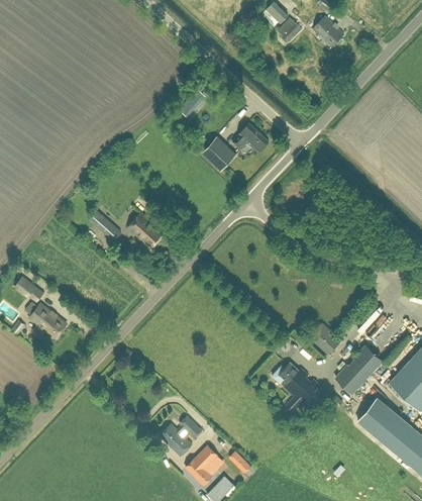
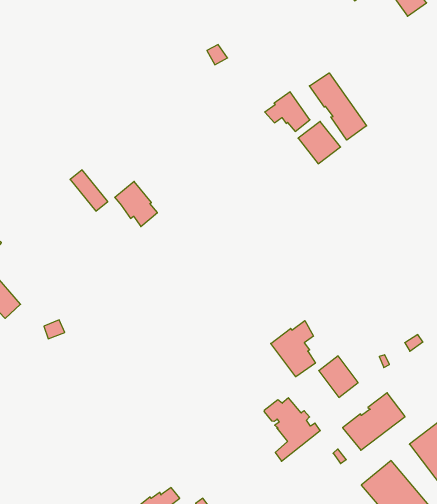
building: none -> [309,73,367,140]
building: [202,136,236,170] -> [298,121,341,164]
building: none -> [271,321,315,377]
building: [160,416,197,456] -> none

